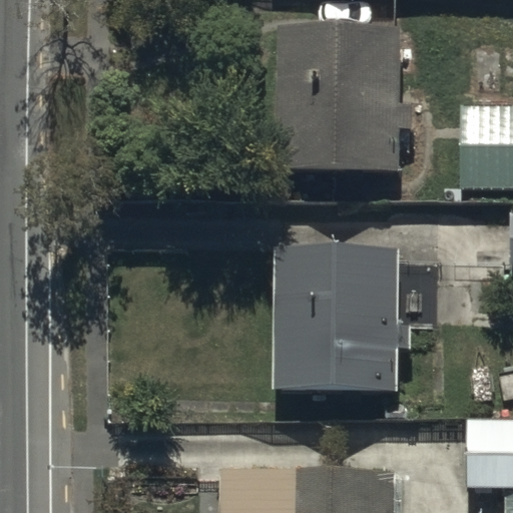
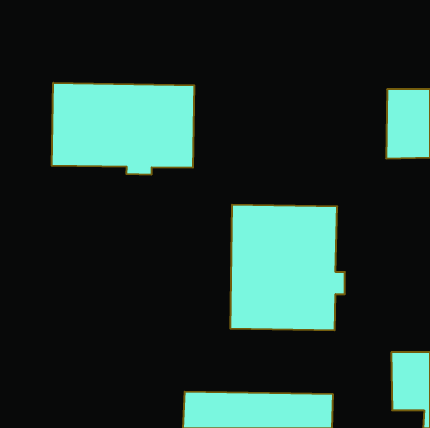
building: [278,25,414,169] -> none
building: none -> [52,83,194,175]

